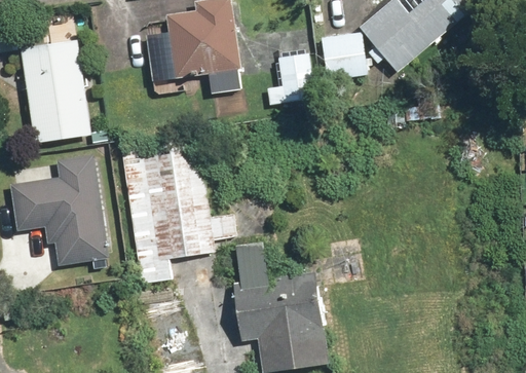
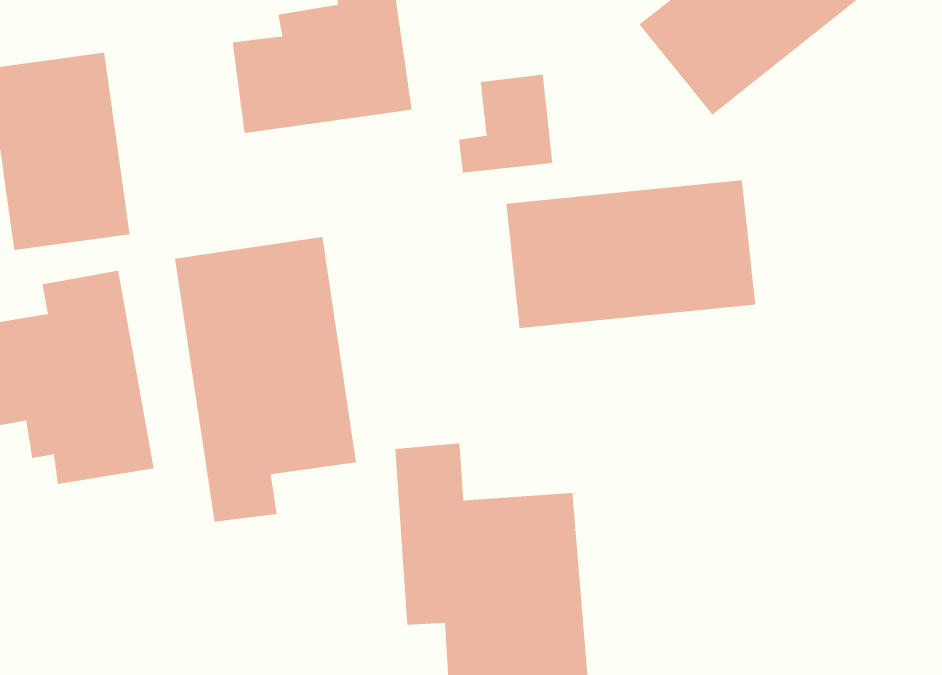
building: [320,32,362,77] -> none
building: none -> [506,179,756,329]

